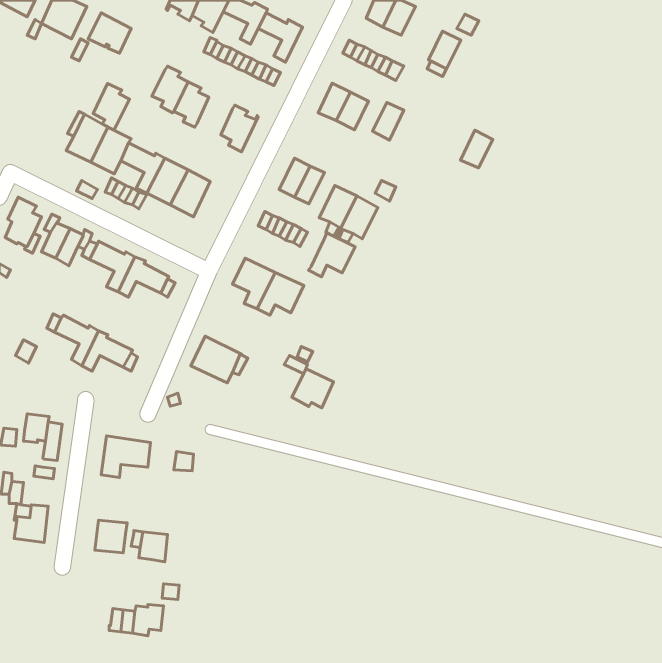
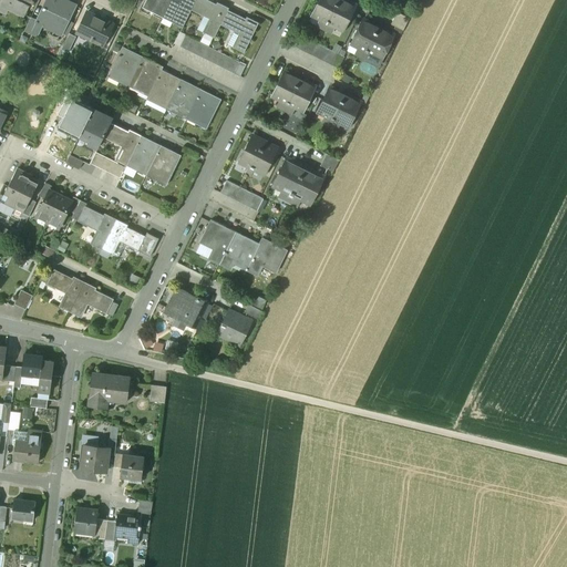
building: none -> [351,20,378,51]
building: [93,84,130,130] -> [110,47,141,86]
building: none -> [168,80,198,118]
building: [460,130,493,168] -> [332,94,360,126]
building: [309,233,355,277] -> [246,238,286,276]
building: [292,369,333,408] -> [215,309,250,342]
building: none -> [10,498,34,520]
building: none -> [73,511,96,534]

